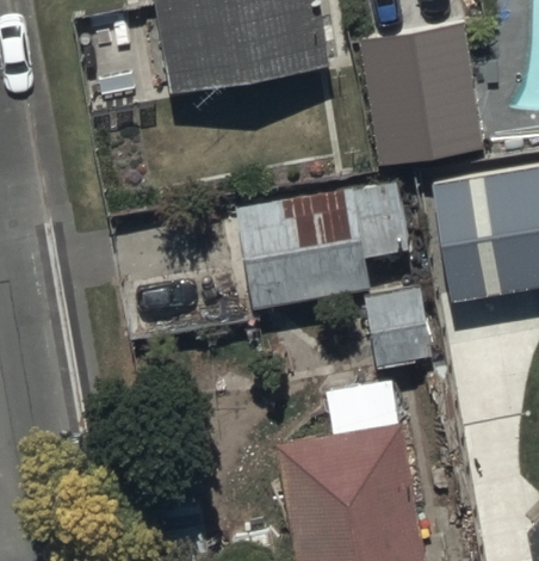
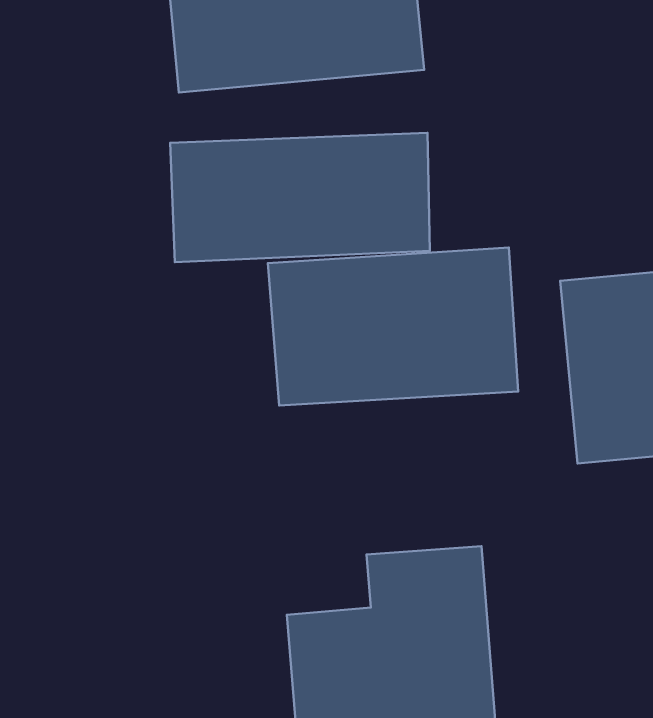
building: [363,32,482,165] -> none
building: none -> [170,133,430,262]

